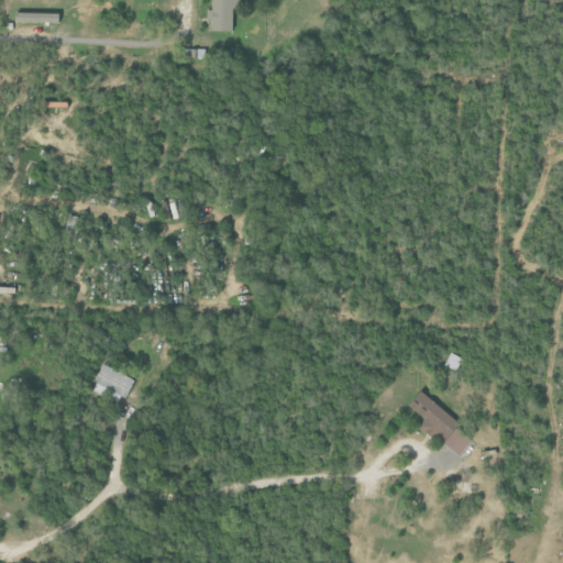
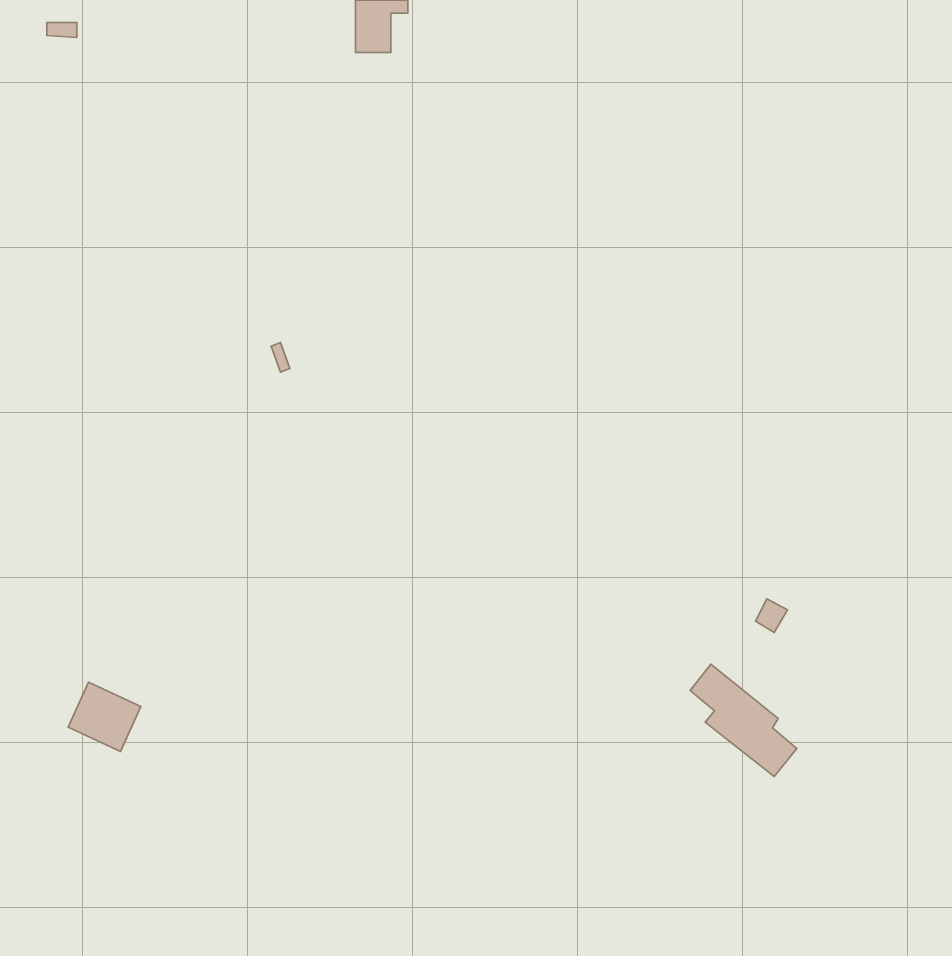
building: [92,364,135,405] -> [68,682,141,751]

